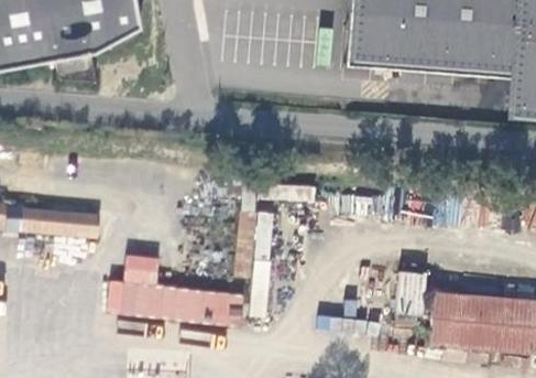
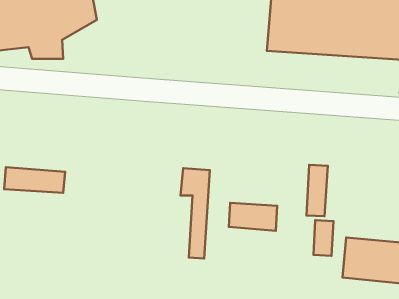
building: none -> [307,165,328,216]
building: none -> [229,203,277,231]
building: [106,252,245,324] -> none

